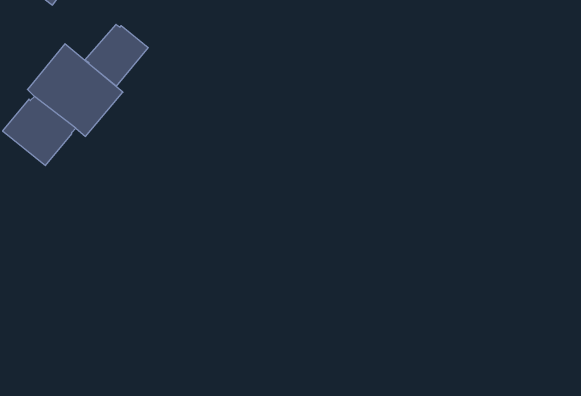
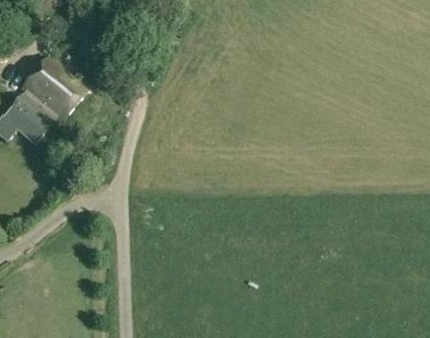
building: [85,24,148,86] -> none

